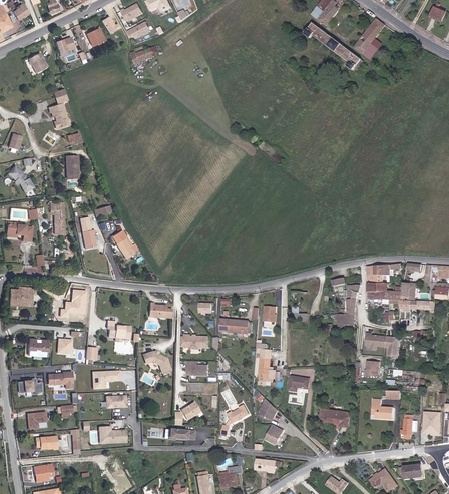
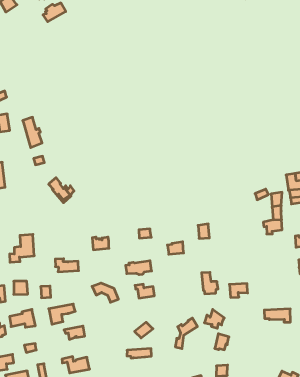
building: [79,215,96,248] -> [23,117,42,148]

